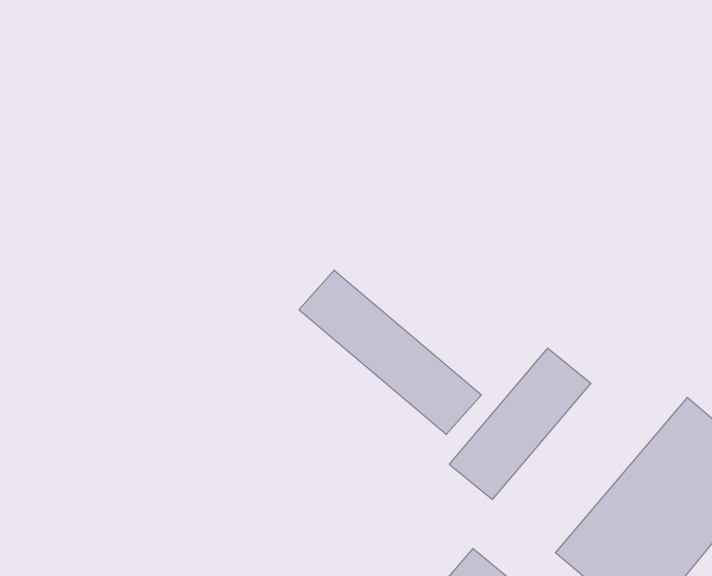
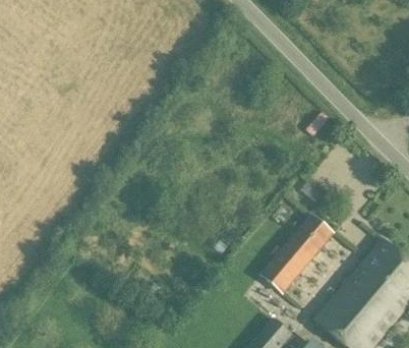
building: [299,270,481,435] -> none

